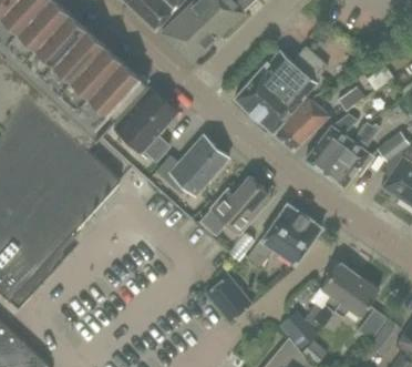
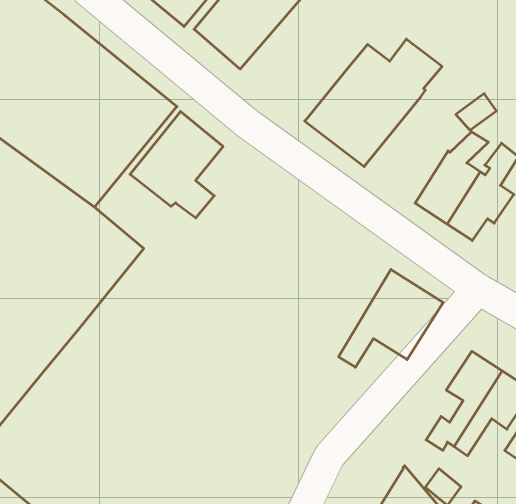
building: [274,96,330,150] -> none
building: [156,134,228,195] -> none
building: [200,175,271,235] -> none
building: [206,275,250,320] -> none
building: [279,309,317,348] -> none

